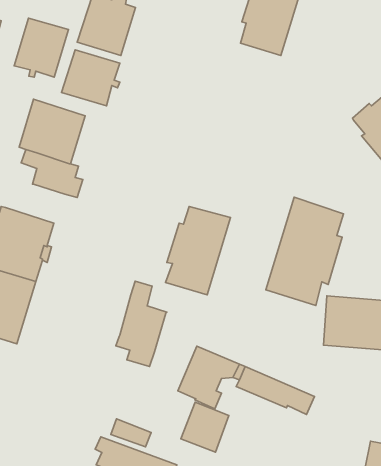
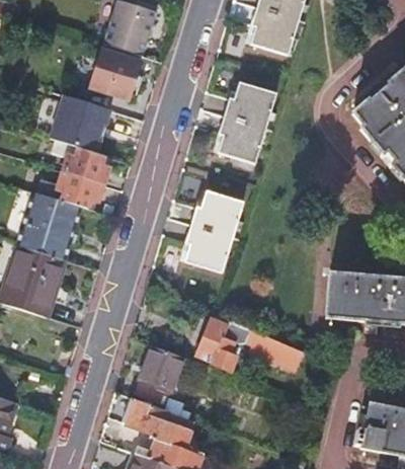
building: [14,18,69,77] -> none
building: none -> [218,80,276,162]
building: none -> [39,169,105,207]
building: [266,197,343,305] -> none
building: [116,281,167,367] -> none
building: [181,402,229,452] -> [140,348,183,394]

